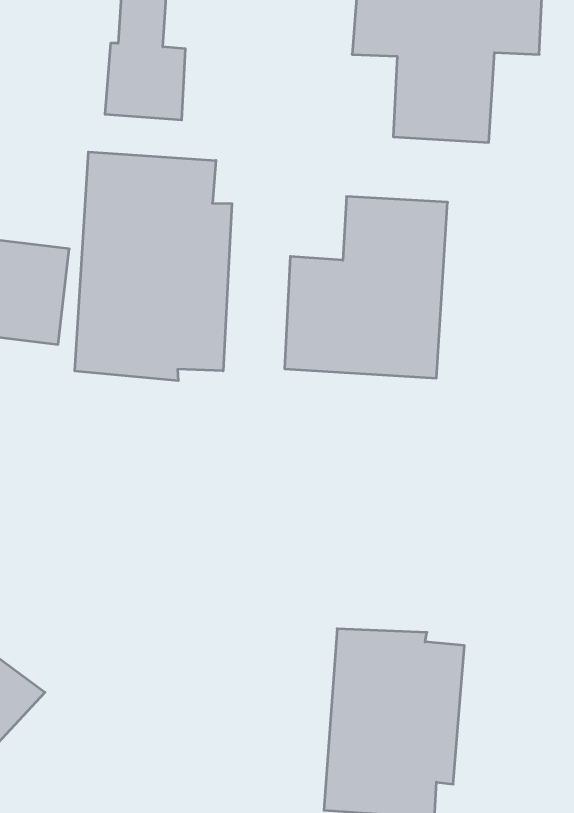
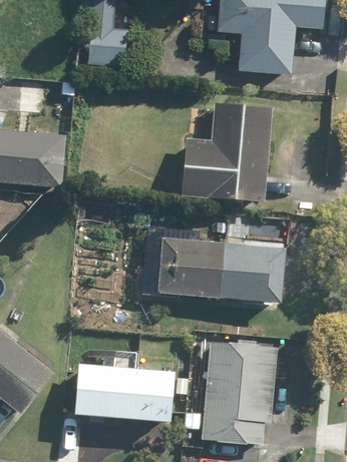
building: [75,152,232,381] -> none
building: none -> [155,213,292,302]
building: none -> [70,363,167,422]

